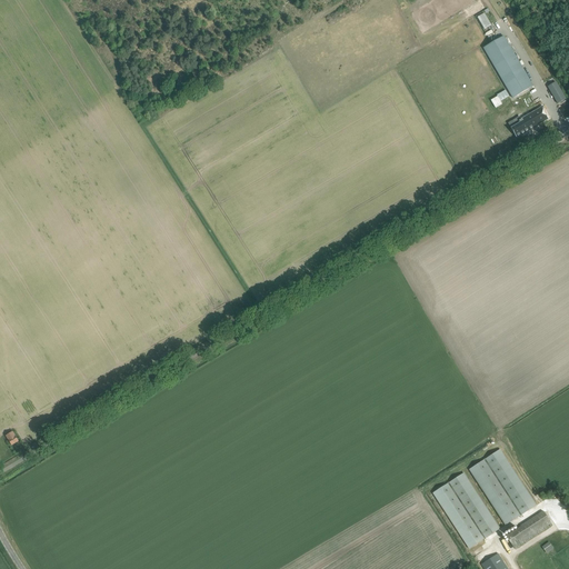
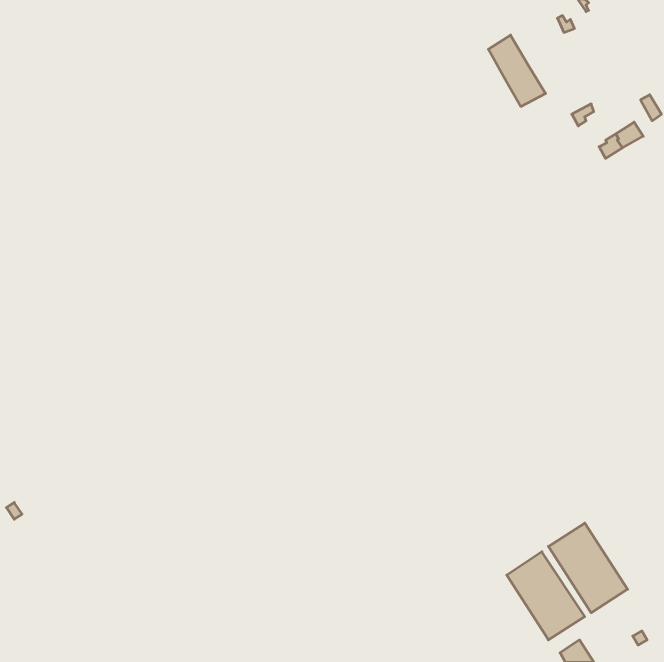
building: [485,36,533,97] -> [488,35,546,106]
building: [506,509,552,547] -> none

